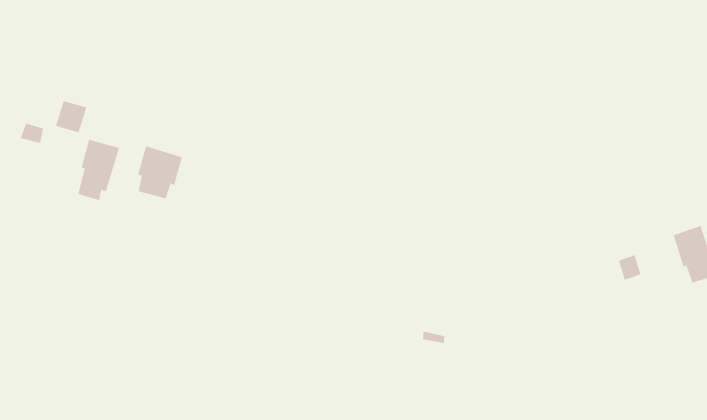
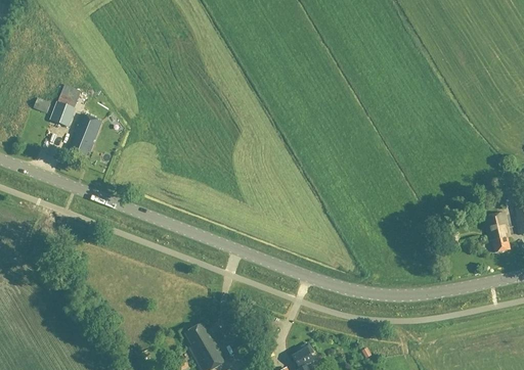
building: none -> [50,101,76,127]
building: [138,146,183,199] -> none

